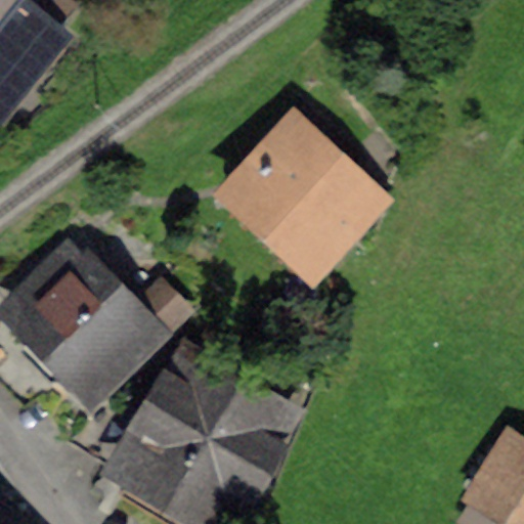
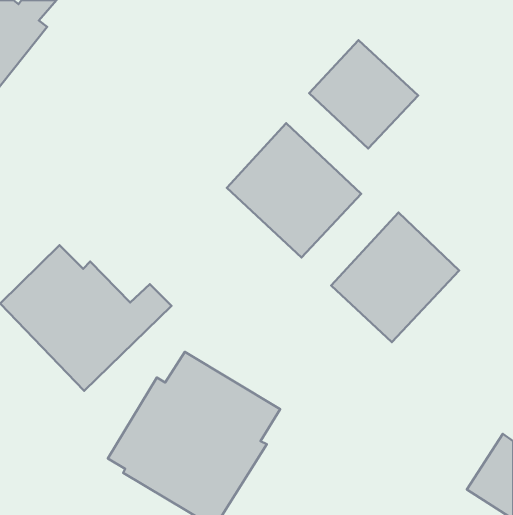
building: none -> [309,40,418,149]
building: none -> [331,213,459,342]

